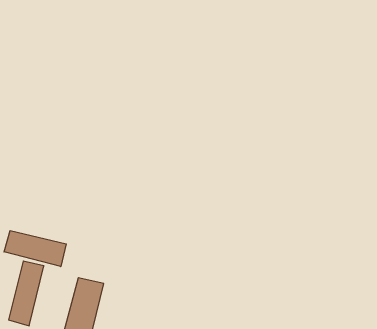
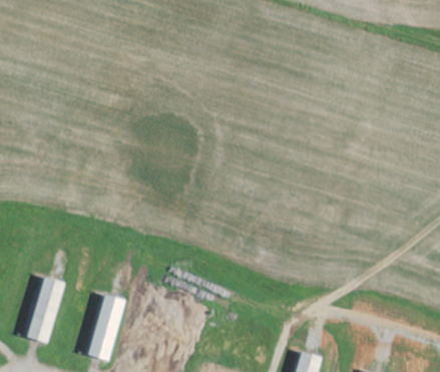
building: [4,231,66,267] -> none

